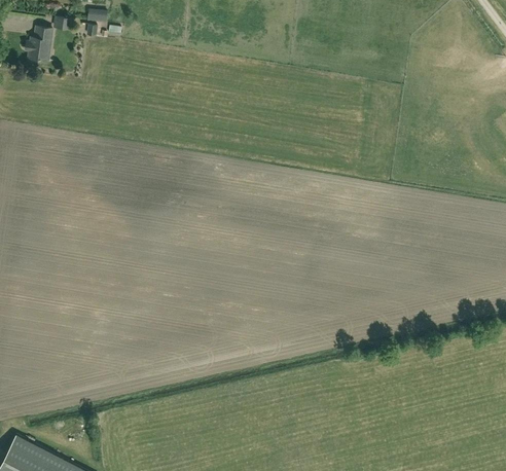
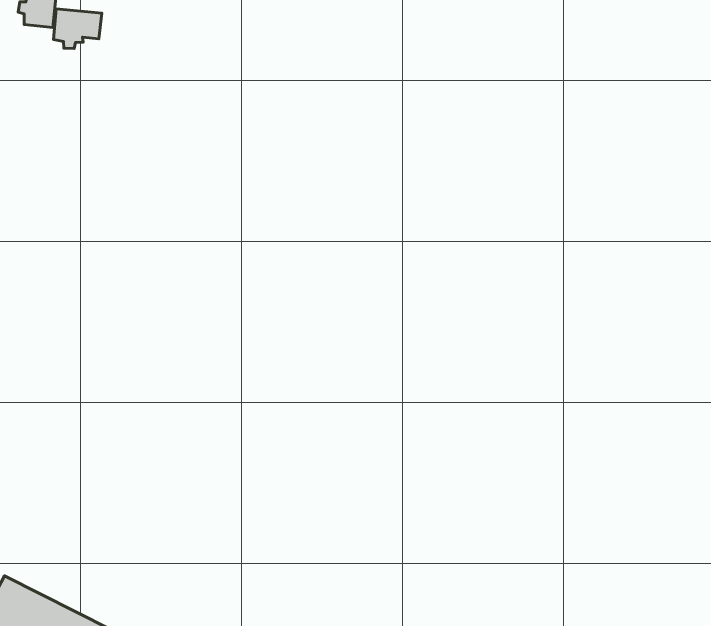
building: none -> [54,9,102,49]

